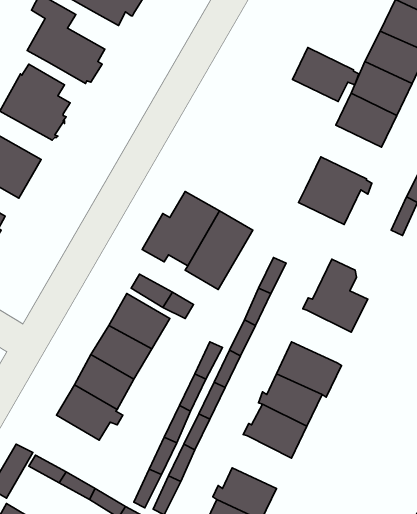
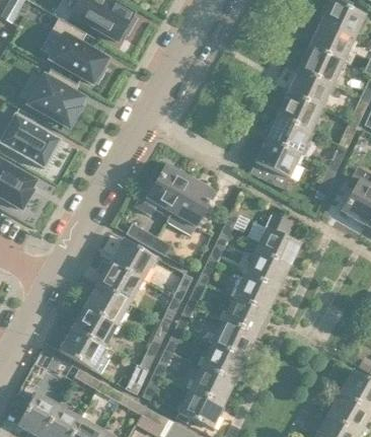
building: [292,48,359,102] -> [265,115,313,154]
building: none -> [241,250,287,289]
building: none -> [57,327,113,375]
building: none -> [197,343,243,381]

